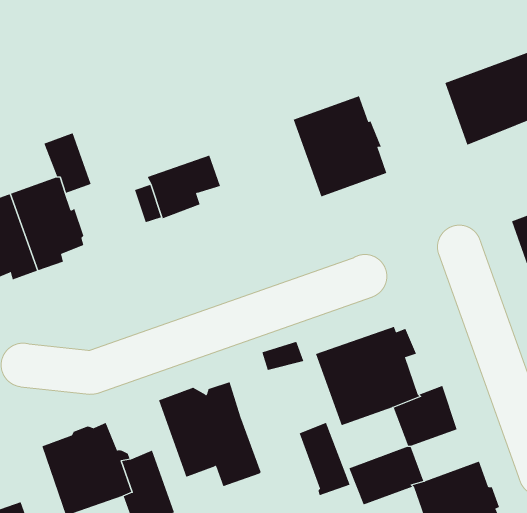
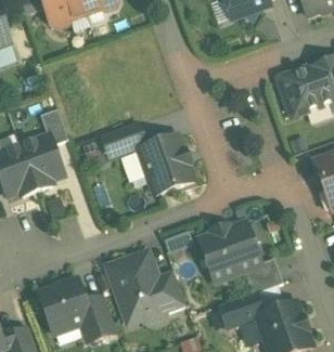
building: [293,96,387,197] -> [139,134,194,194]
building: [299,422,351,496] -> [156,269,187,312]

